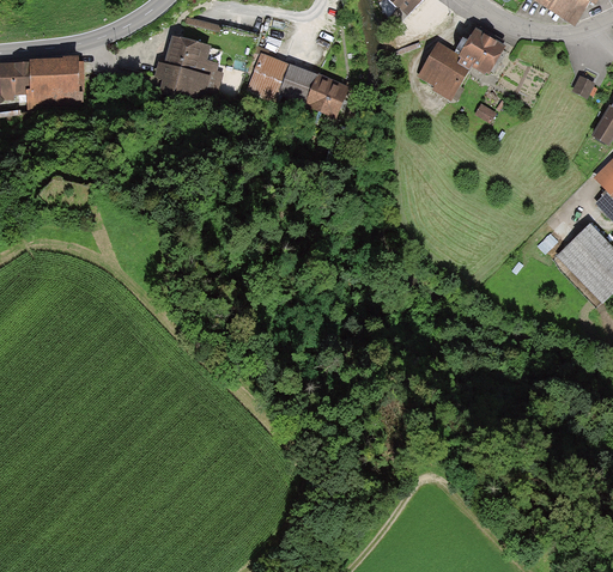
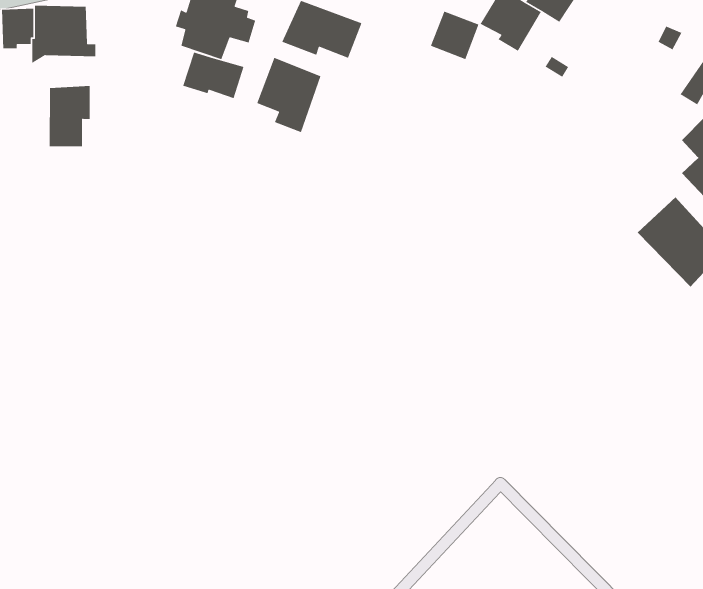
building: [304,73,347,116] -> [430,10,480,60]
building: none -> [182,51,245,99]
building: none -> [256,57,321,133]
building: none -> [49,85,90,147]

